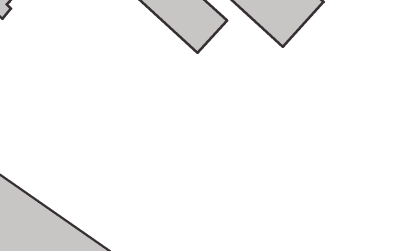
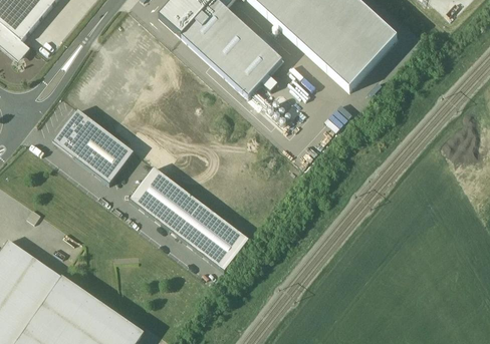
building: none -> [53,108,135,184]
building: none -> [129,164,248,269]

